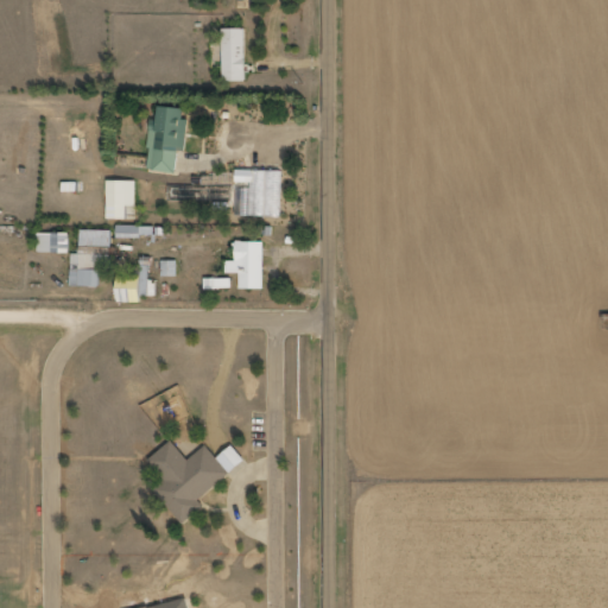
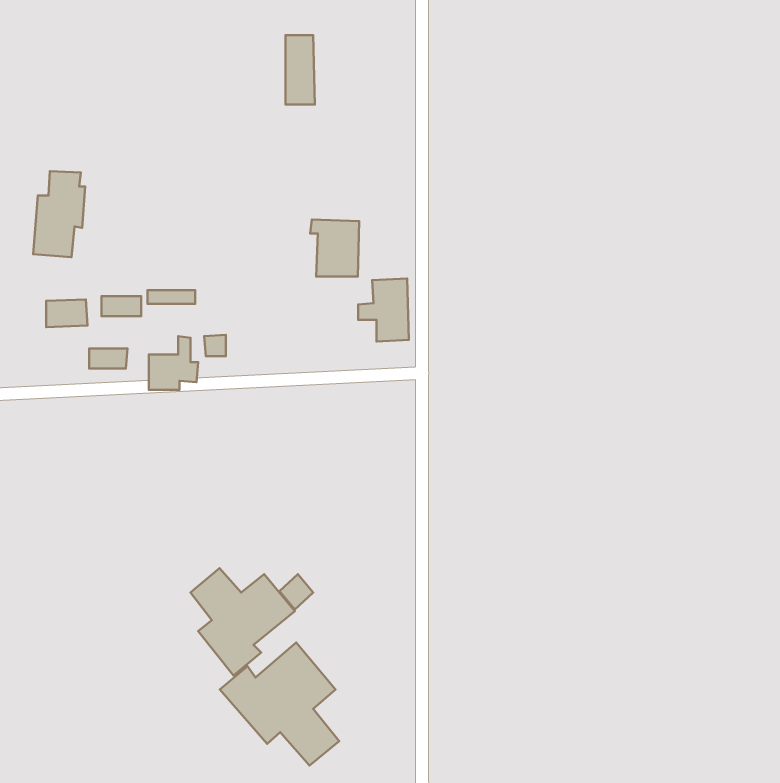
building: [145,106,185,172] -> [33,171,85,257]
building: [104,179,133,205] -> none
building: [223,240,262,289] -> [358,279,409,341]
building: none -> [220,643,339,766]

